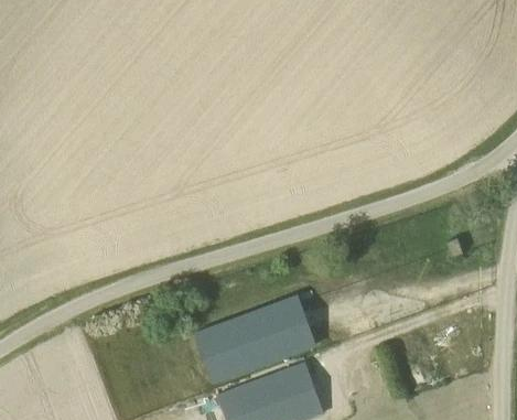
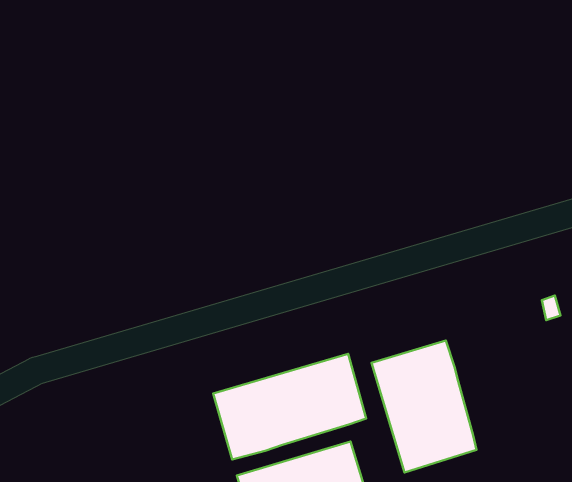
building: none -> [372,340,477,473]

